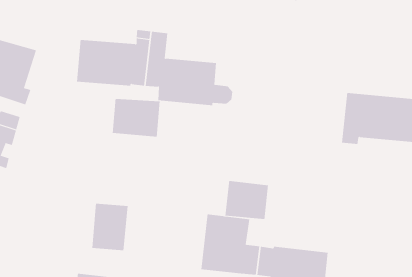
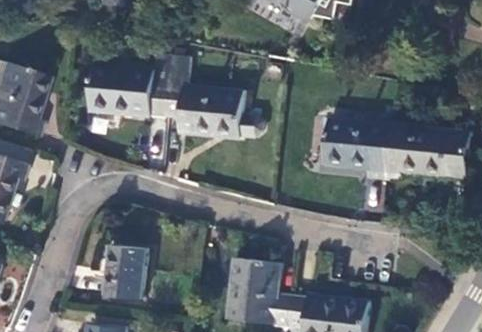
building: none -> [323,117,388,179]
building: [112,98,160,137] -> none
building: [225,180,269,220] -> none

